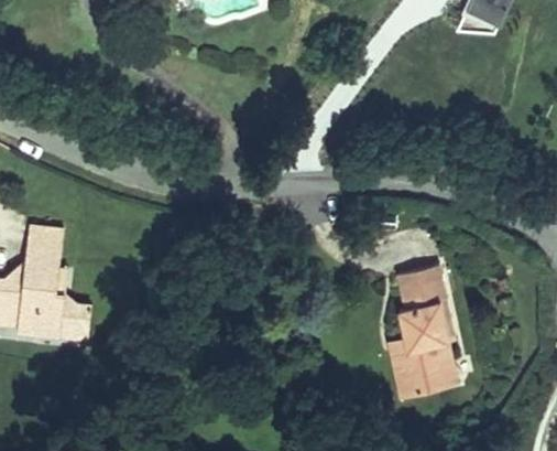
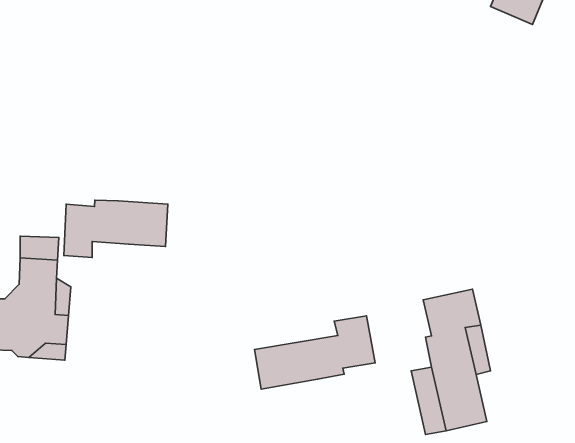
building: none -> [64,200,168,257]
building: none -> [254,316,375,389]

